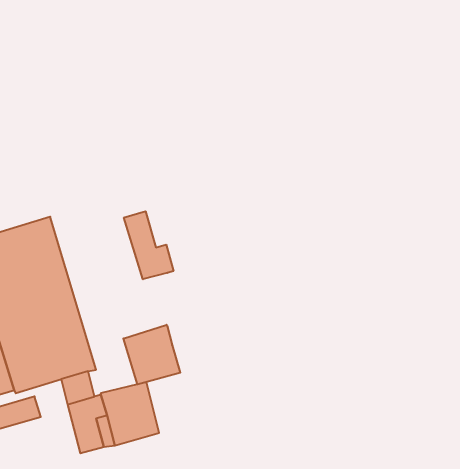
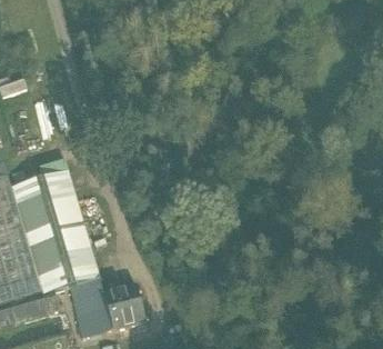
building: [124,211,173,279] -> none
building: [123,325,180,384] -> none

